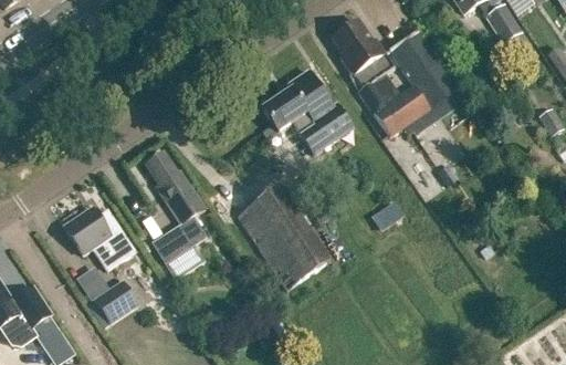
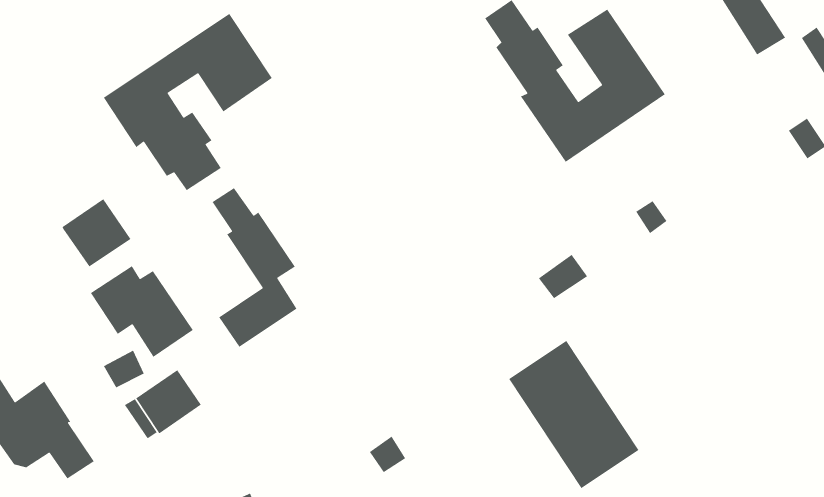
building: none -> [103,13,273,191]
building: [262,71,353,155] -> none
building: none -> [61,198,131,268]
building: [237,188,326,290] -> [508,340,640,489]

